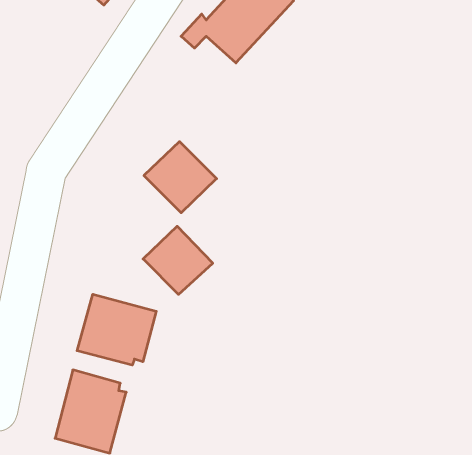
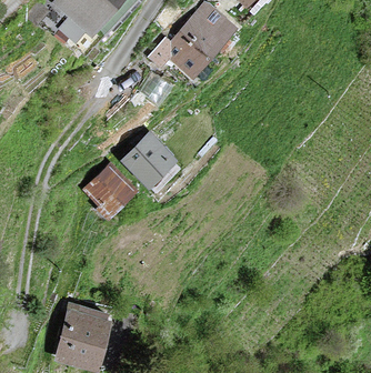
building: [143,226,213,294] -> [84,164,137,215]
building: [77,294,156,365] -> none

